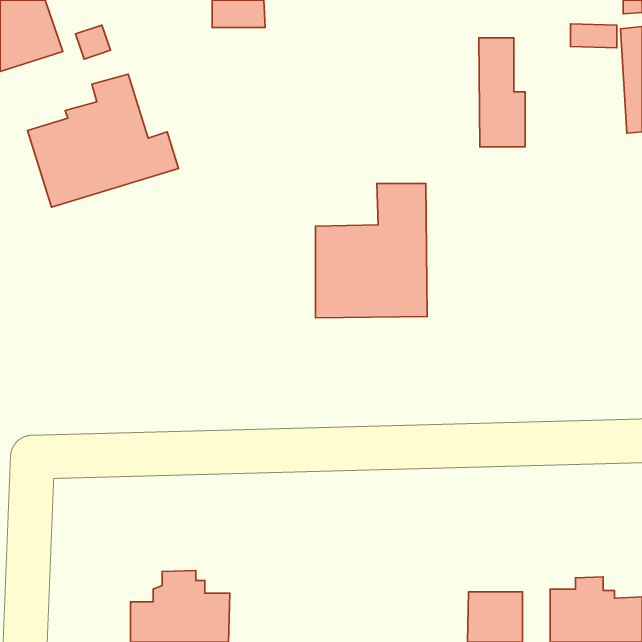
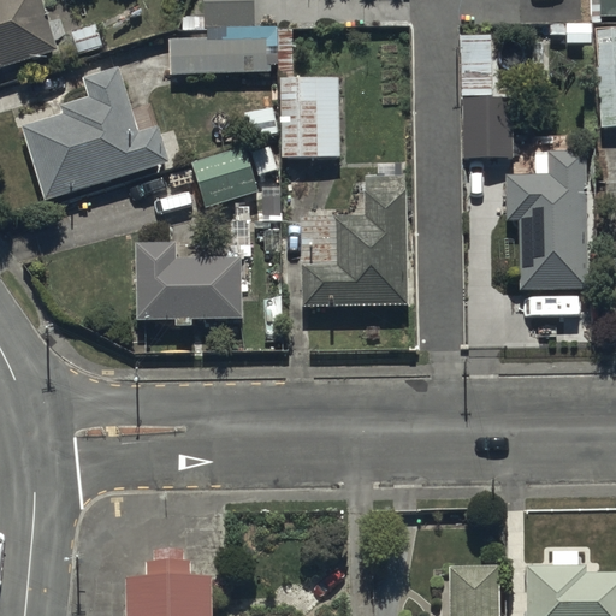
building: none -> [277,30,339,159]
building: none -> [171,31,270,76]
building: none -> [191,147,276,209]
building: none -> [507,149,587,290]
building: none -> [135,243,242,327]

